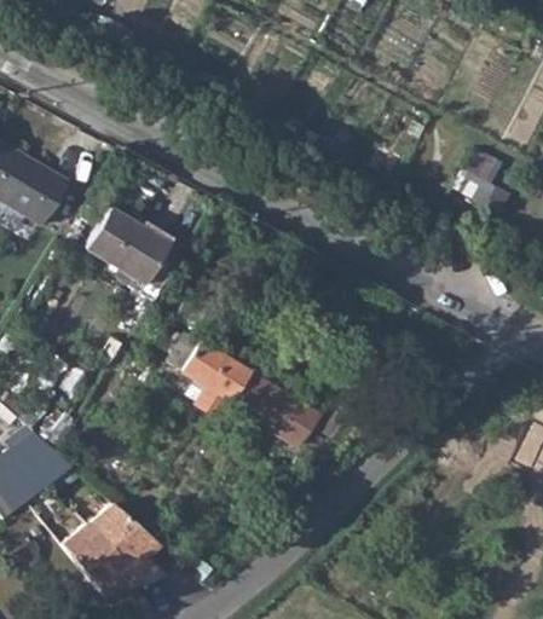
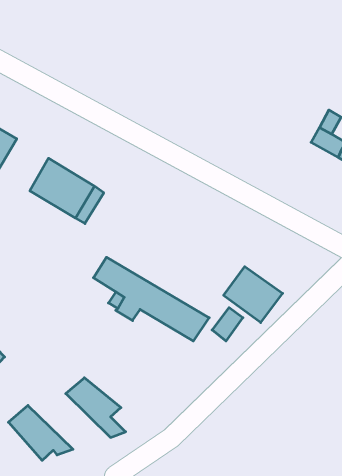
building: none -> [224,267,283,323]
building: [85,505,162,583] -> [66,378,126,437]

